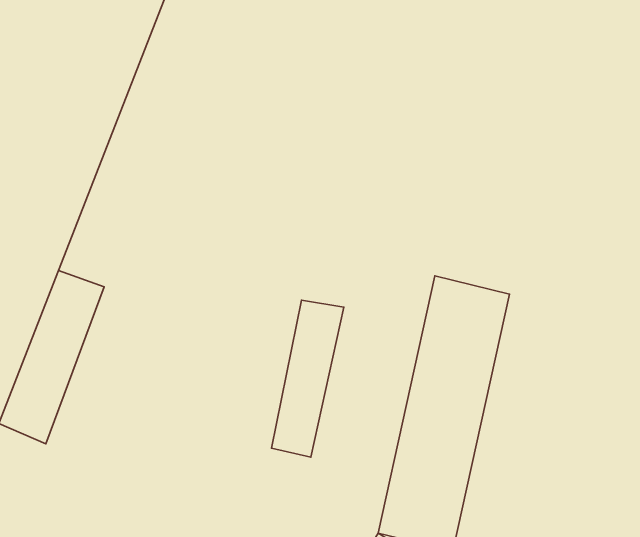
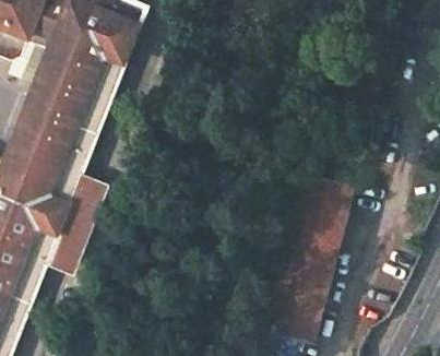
building: [271,300,344,457] -> none

